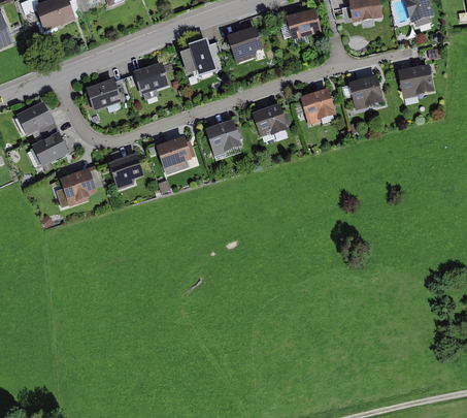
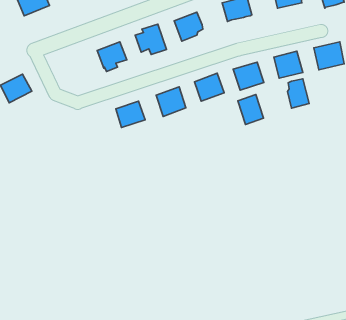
building: [86,79,122,110] -> none
building: none -> [287,79,309,108]
building: none -> [238,94,264,125]
building: [32,133,68,167] -> none
building: [107,151,143,188] -> none
building: [60,167,97,204] -> none

